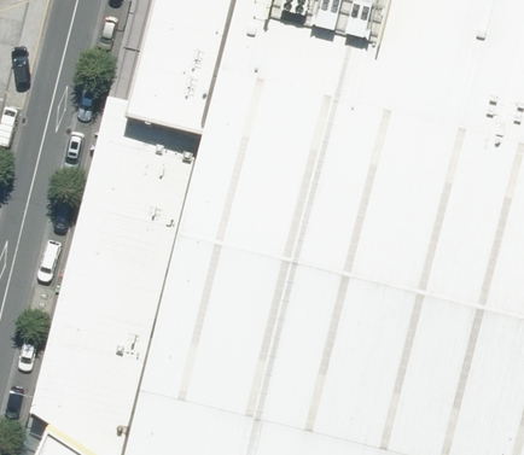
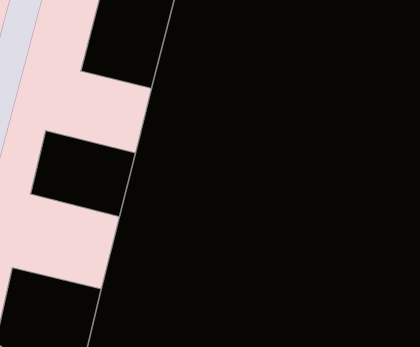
building: [95,103,215,202] -> none
building: [58,247,179,355] -> none

